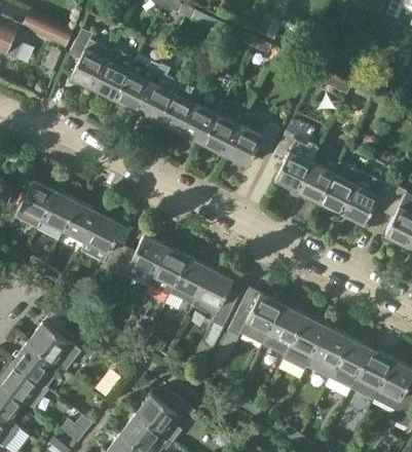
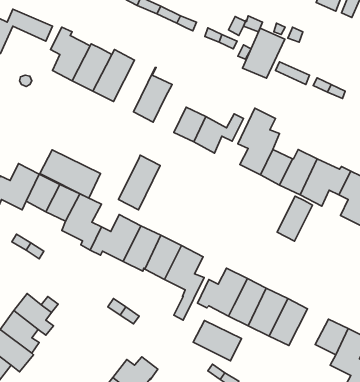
building: none -> [243,28,285,78]
building: [137,63,182,122] -> [119,155,160,210]
building: [180,106,216,145] -> none
building: none -> [40,150,100,198]
building: none -> [277,196,312,241]
building: [328,337,371,388] -> none
building: none -> [193,320,241,361]

